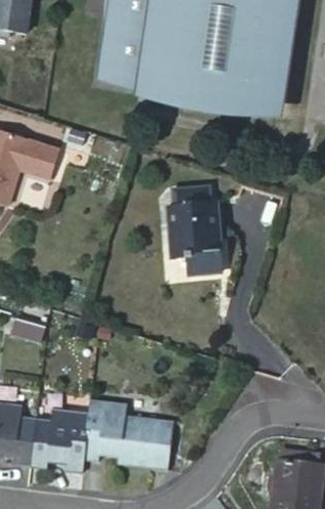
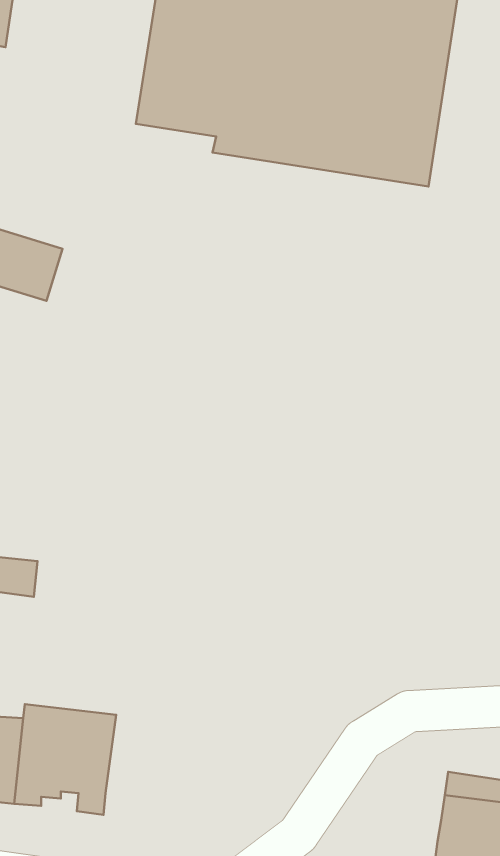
building: [165,189,220,275] -> none
building: [84,402,177,471] -> none

